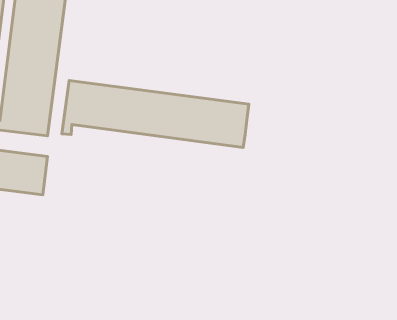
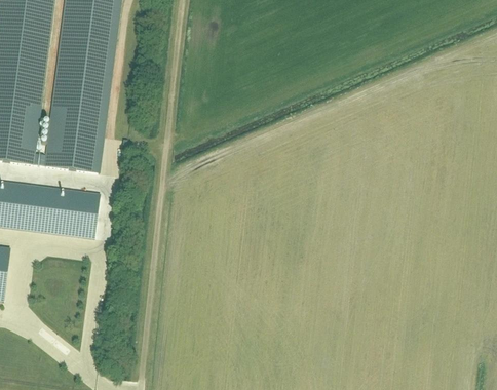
building: [62,81,249,148] -> none

